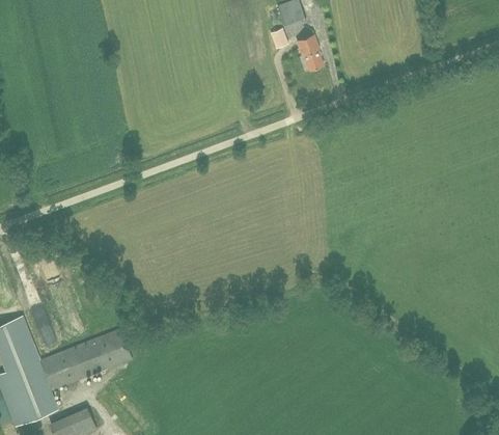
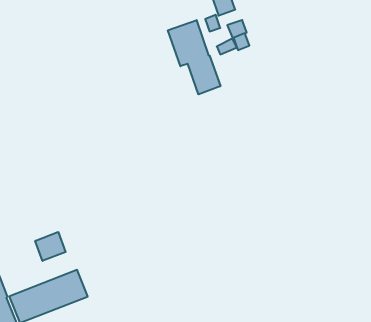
building: none -> [168,20,220,94]
building: none -> [35,232,66,261]

